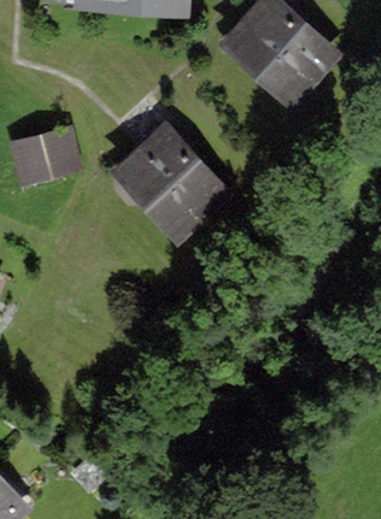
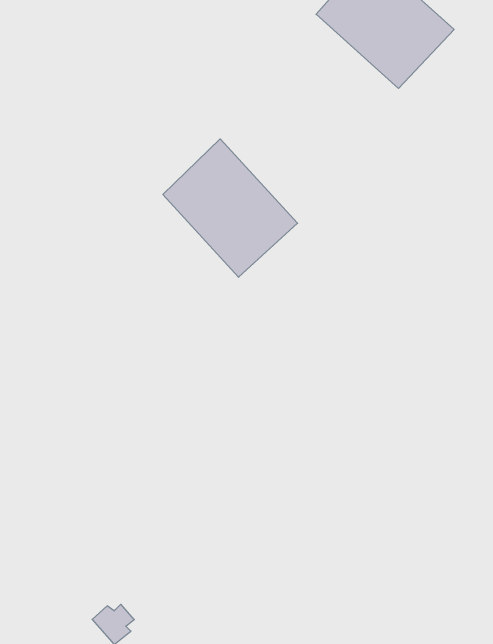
building: [14,129,76,176] -> none

